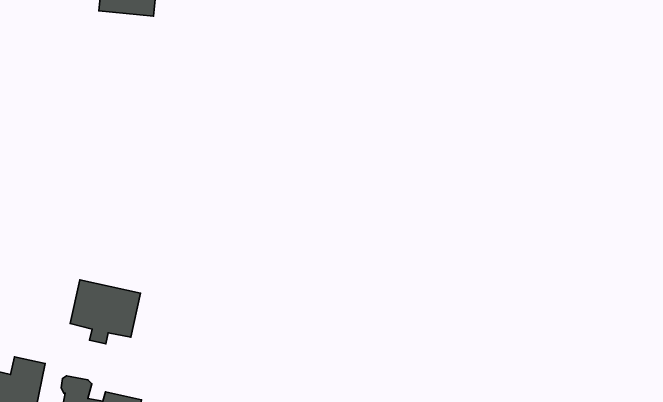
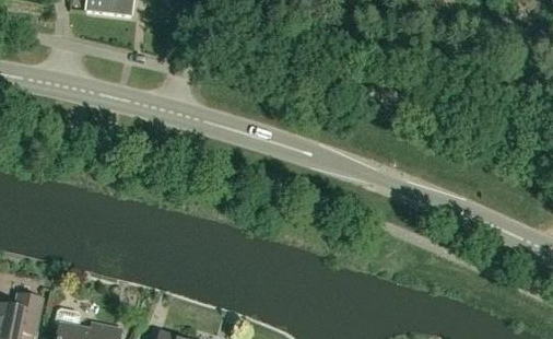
building: [70,280,140,344] -> none

